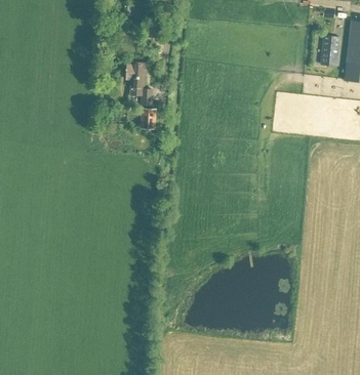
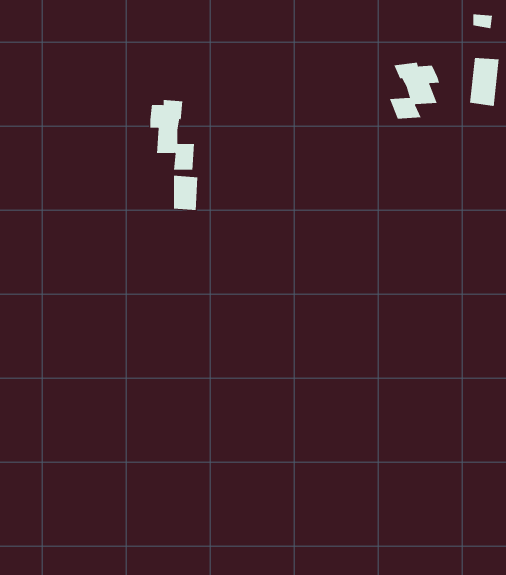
building: none -> [389,62,440,119]

